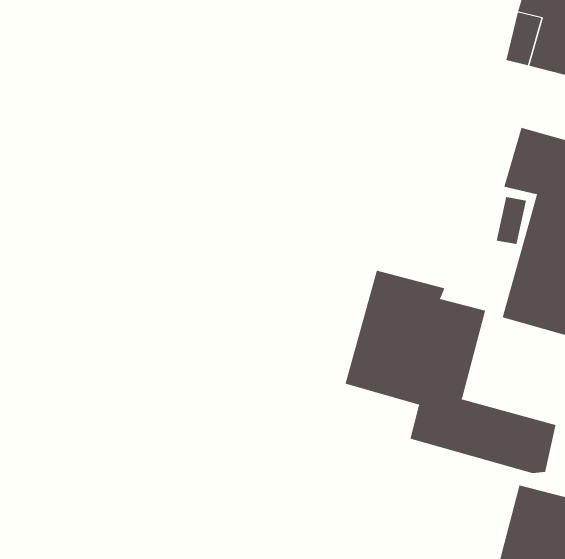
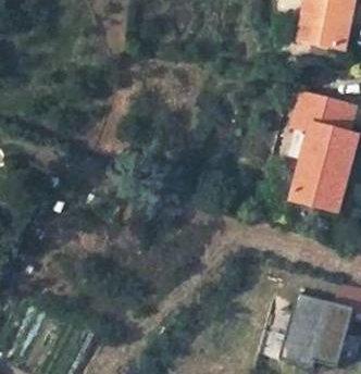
building: [345,270,556,474] -> none

